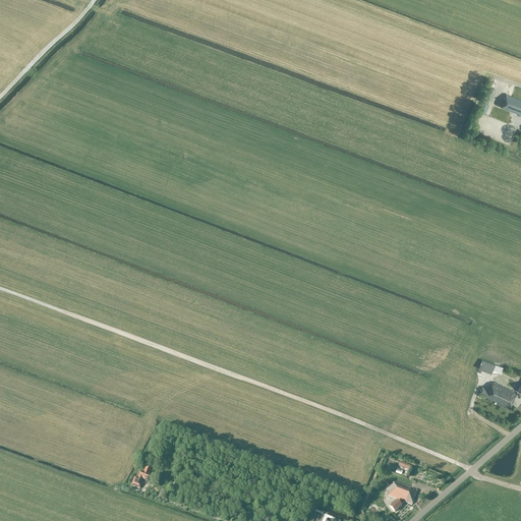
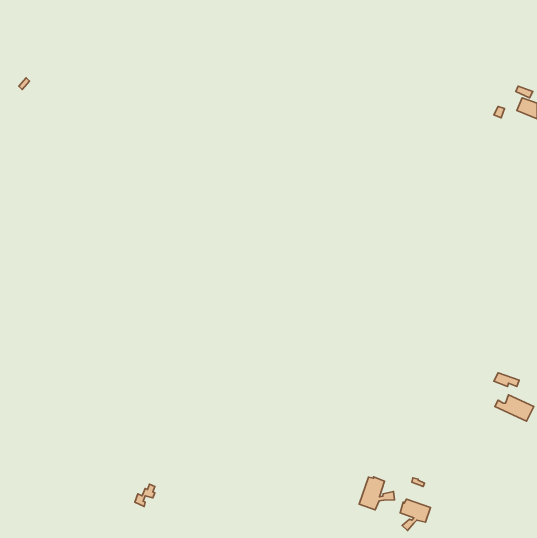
building: none -> [359,477,394,510]

